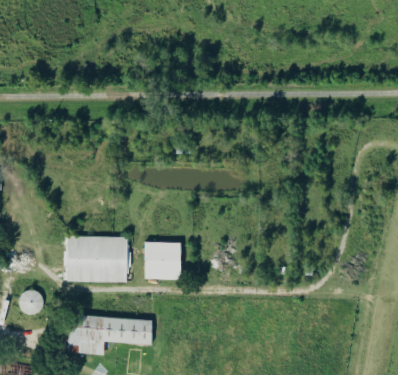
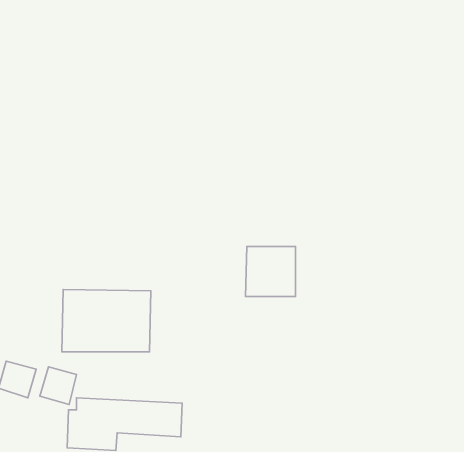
building: [144,242,181,279] -> [245,246,295,297]
building: none -> [40,367,77,405]

